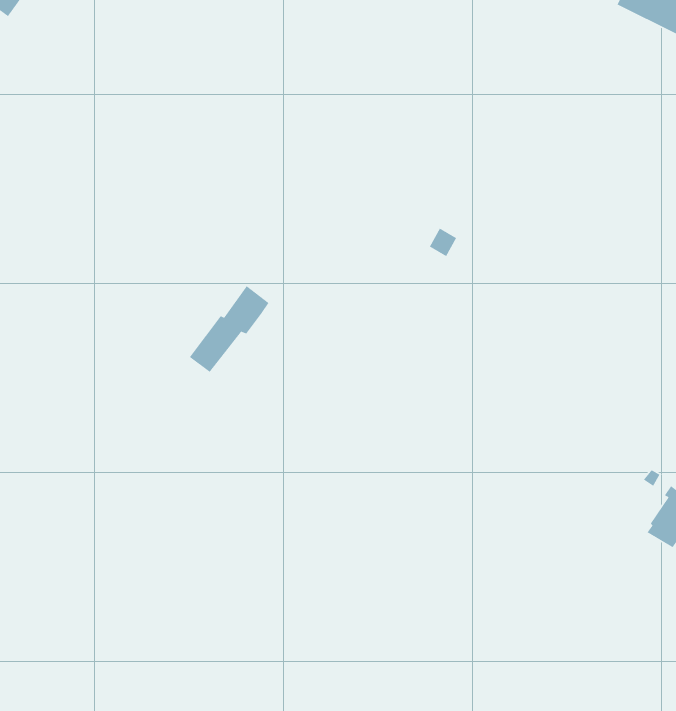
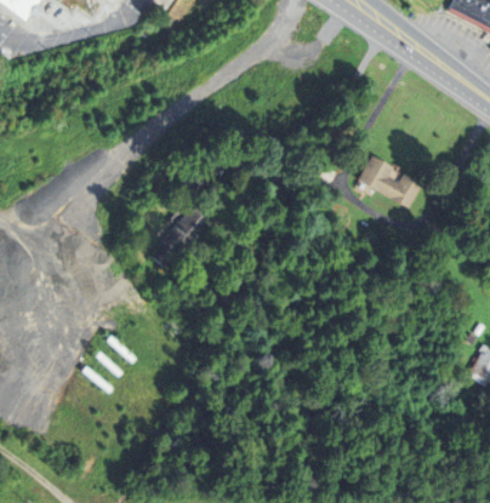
building: none -> [359,154,423,207]

